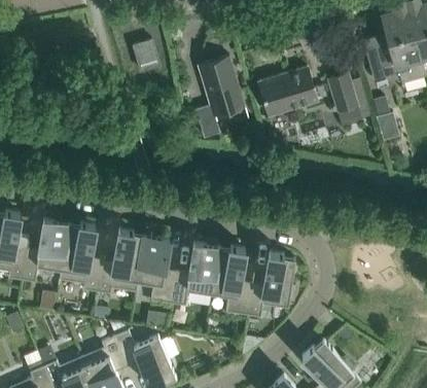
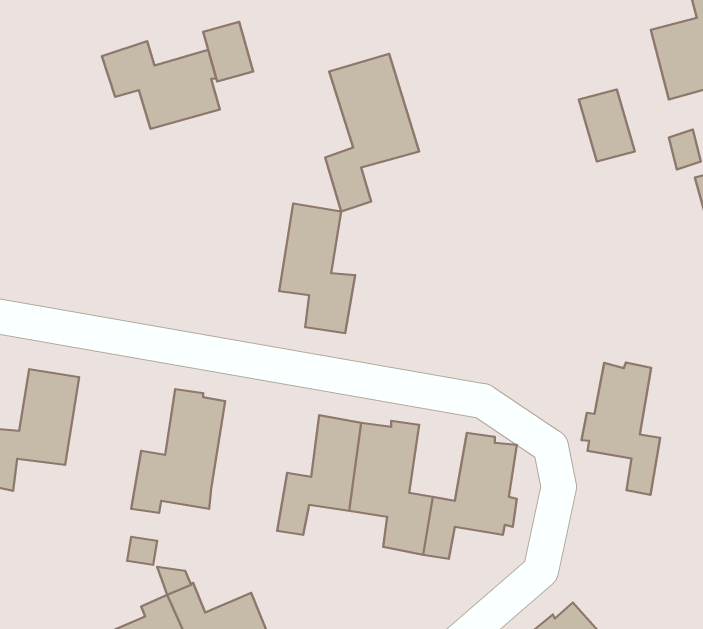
building: none -> [102,41,220,129]
building: [257,68,315,115] -> none
building: none -> [582,363,660,495]
building: [61,223,101,291] -> none
building: [137,236,176,303] -> [279,203,355,333]

